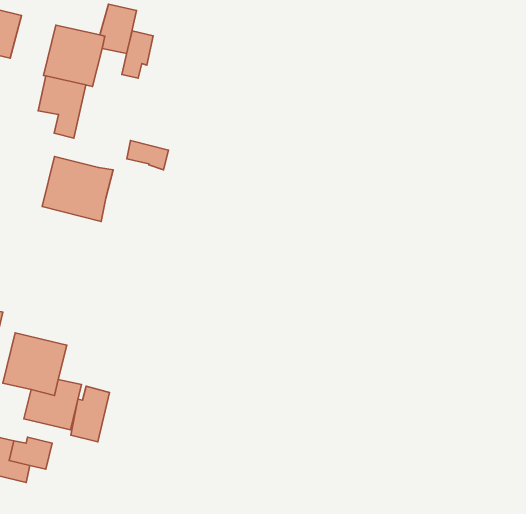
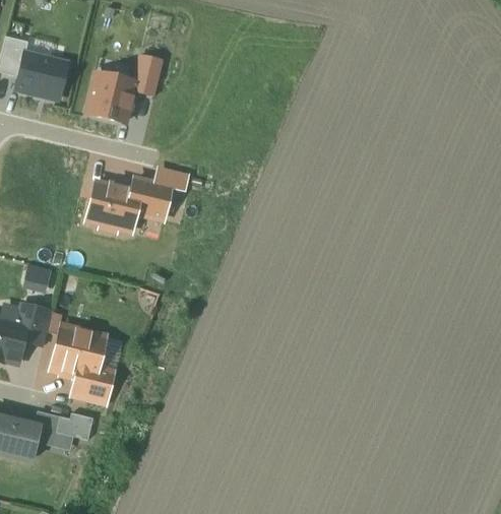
building: [122,31,153,78] -> none
building: [38,76,86,138] -> none
building: none -> [131,177,173,221]
building: [71,386,109,442] -> none

